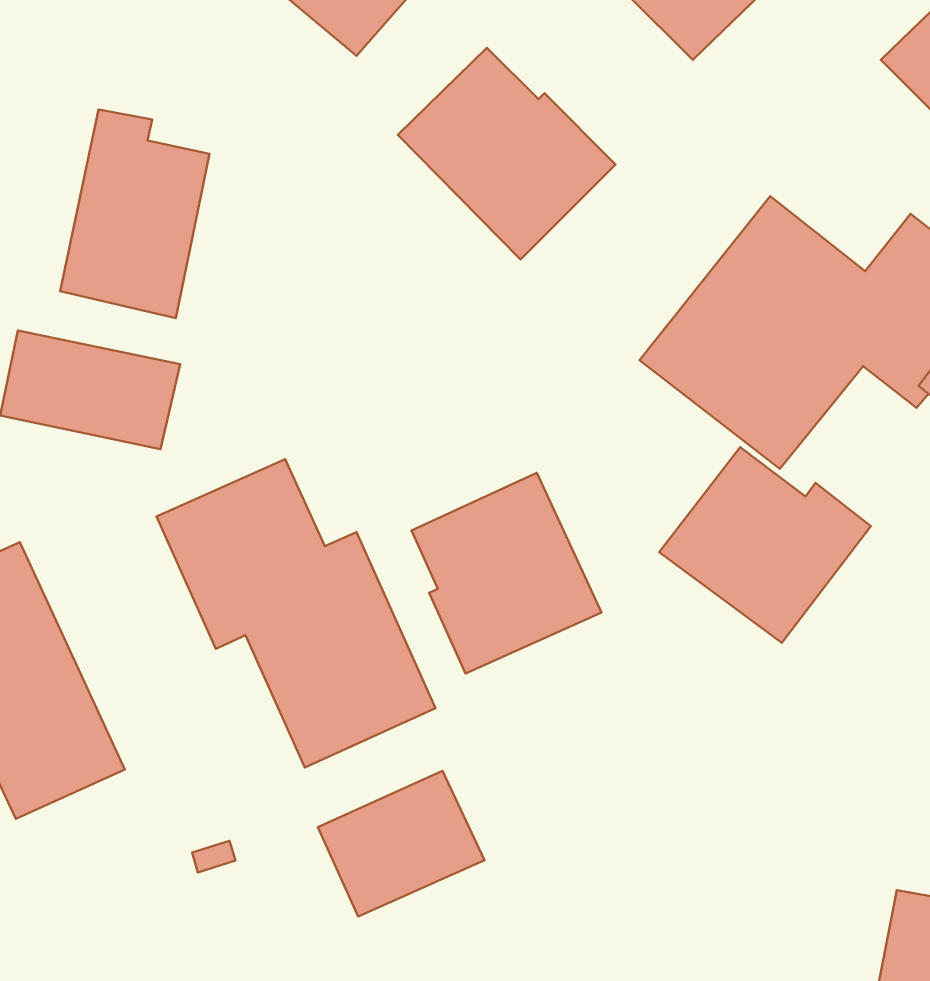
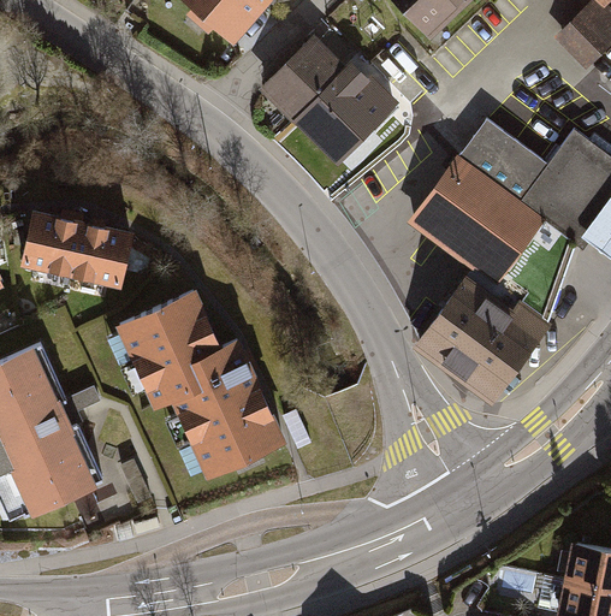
building: [60,110,210,318] -> none
building: [411,473,602,673] -> none
building: [318,771,484,916] -> none

